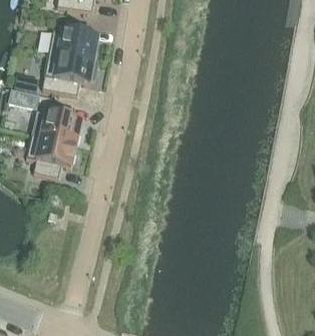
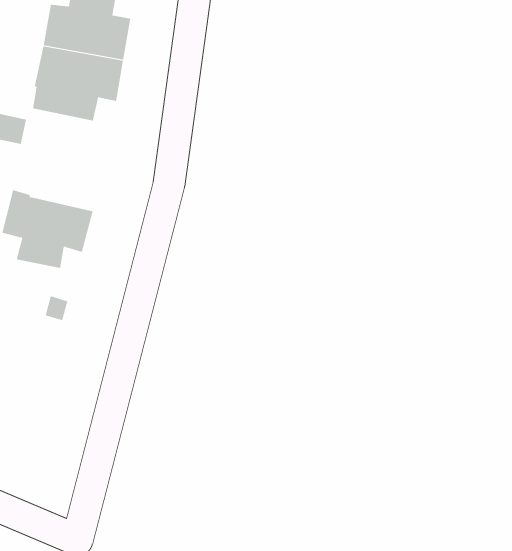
building: [42,97,82,141] -> none

